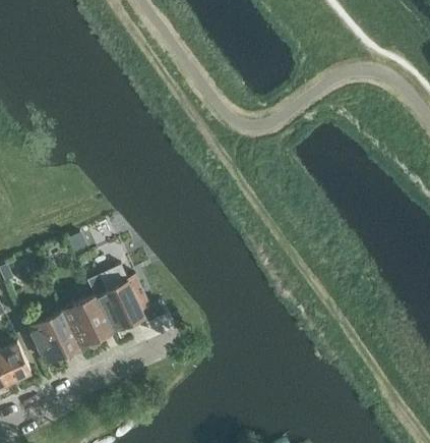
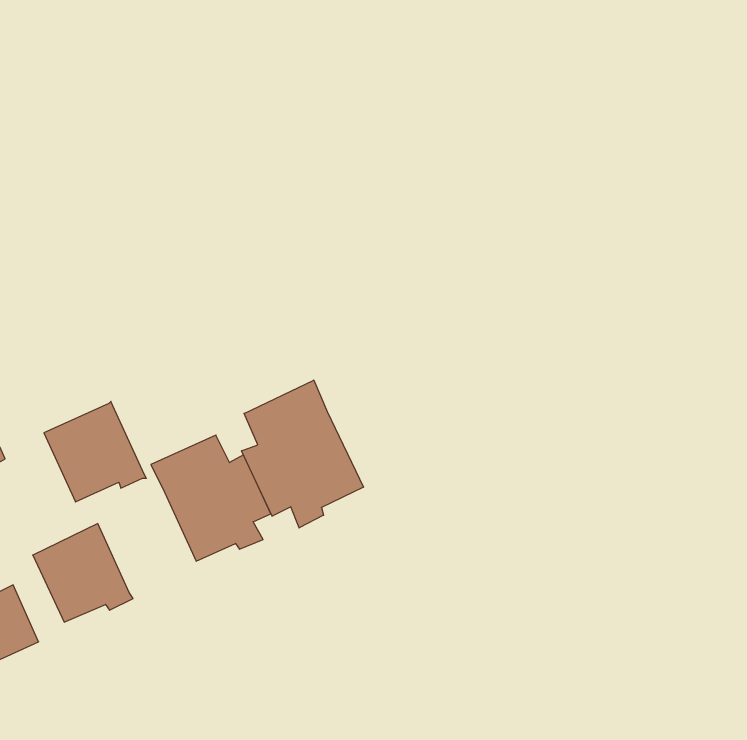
building: none -> [242,380,363,528]
building: [60,296,113,348] -> [44,401,146,502]

